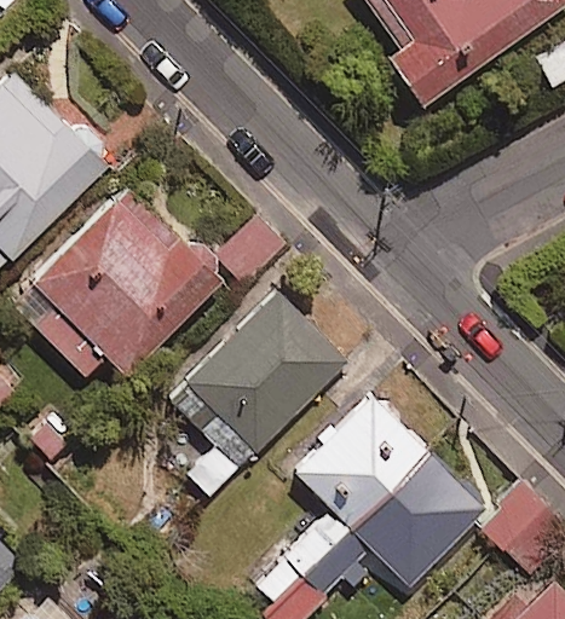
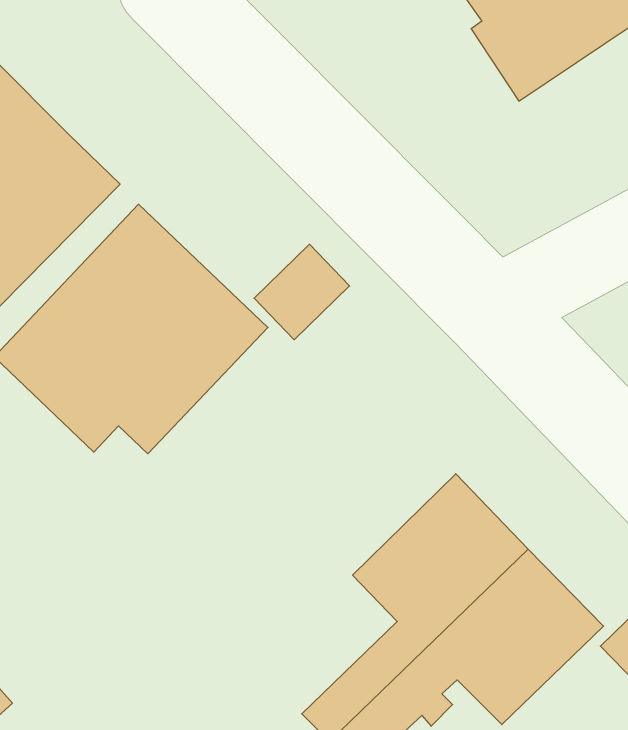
building: [169,287,348,485] -> none

